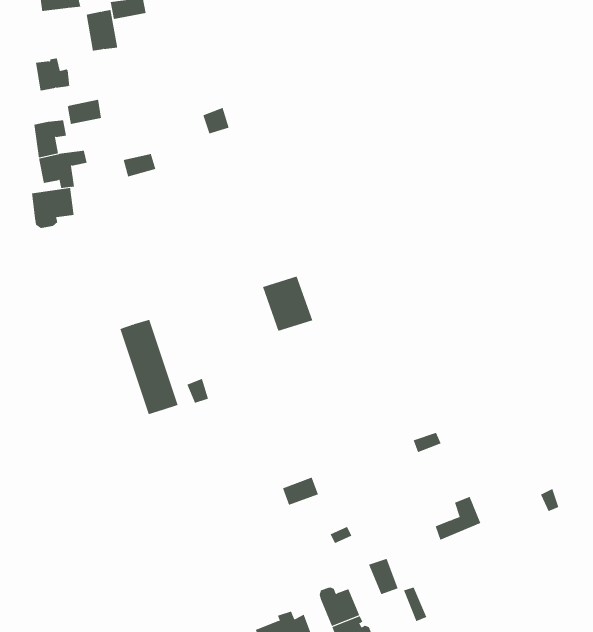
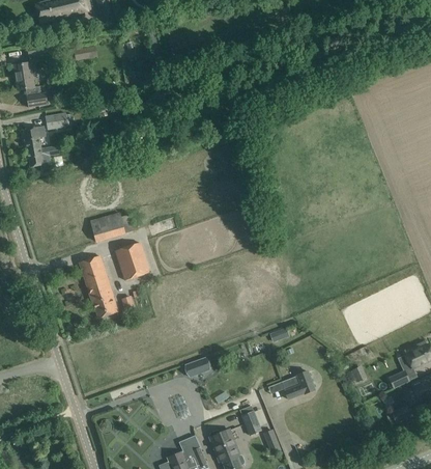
building: [86,10,118,51] -> [13,62,34,89]
building: [31,187,74,229] -> none
building: none -> [92,211,131,241]
building: [262,276,313,332] -> [115,243,148,279]

